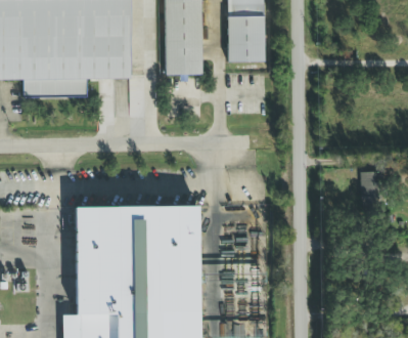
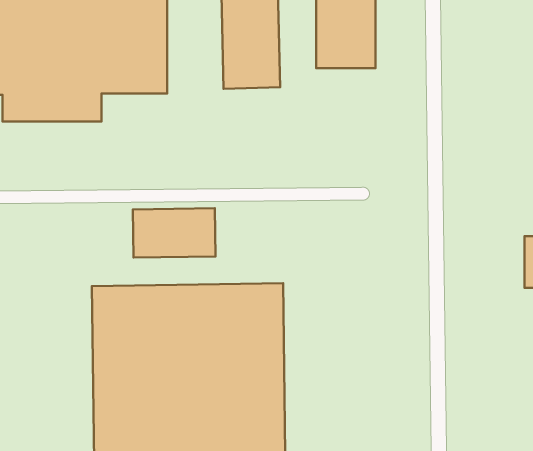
building: none -> [133,208,215,258]

